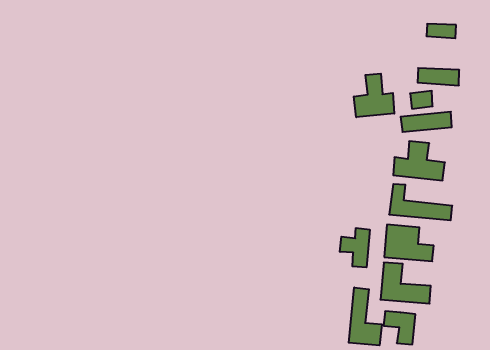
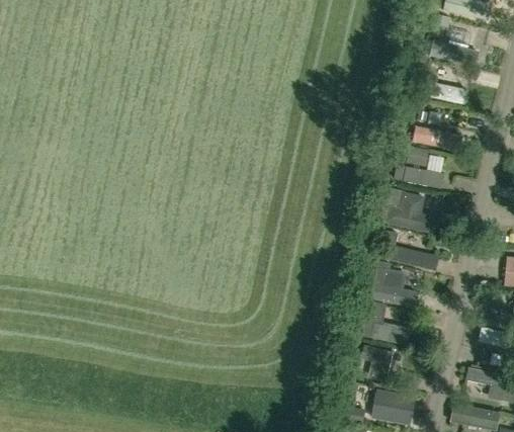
building: [354,74,394,117] -> none
building: [340,228,370,267] -> none
building: [349,287,382,345] -> none

